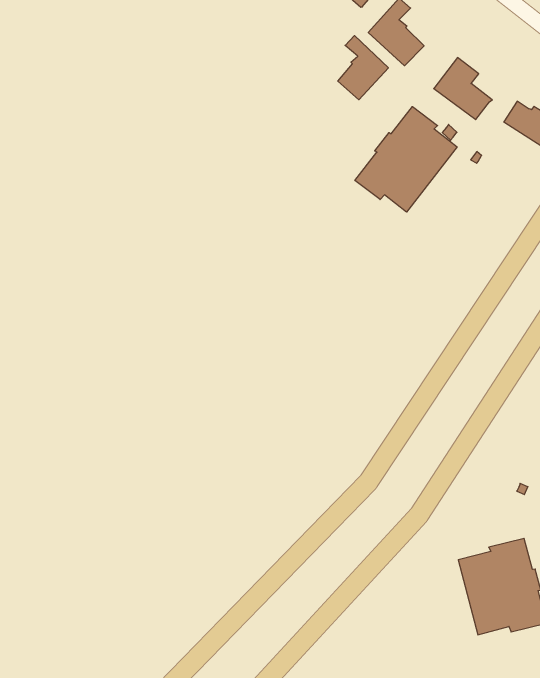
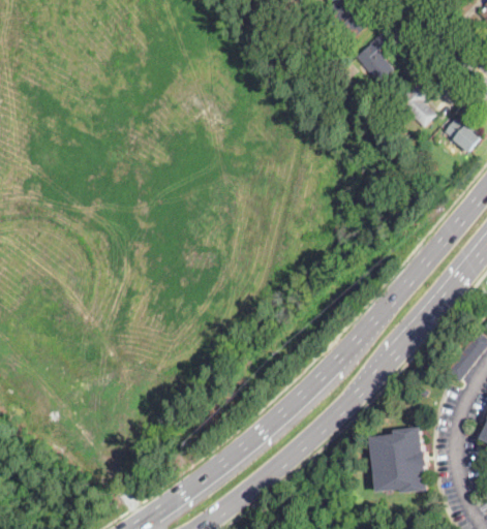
building: [338,36,388,100] -> none
building: [355,107,457,212] -> none

